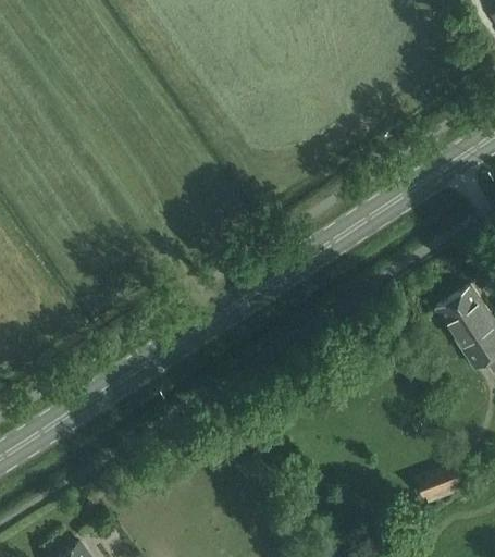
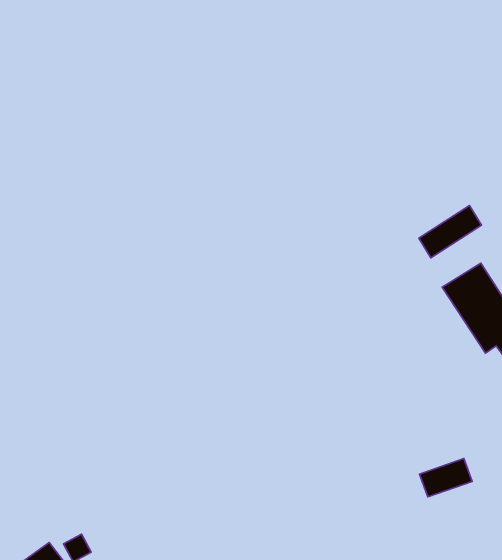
building: none -> [419,205,482,258]

